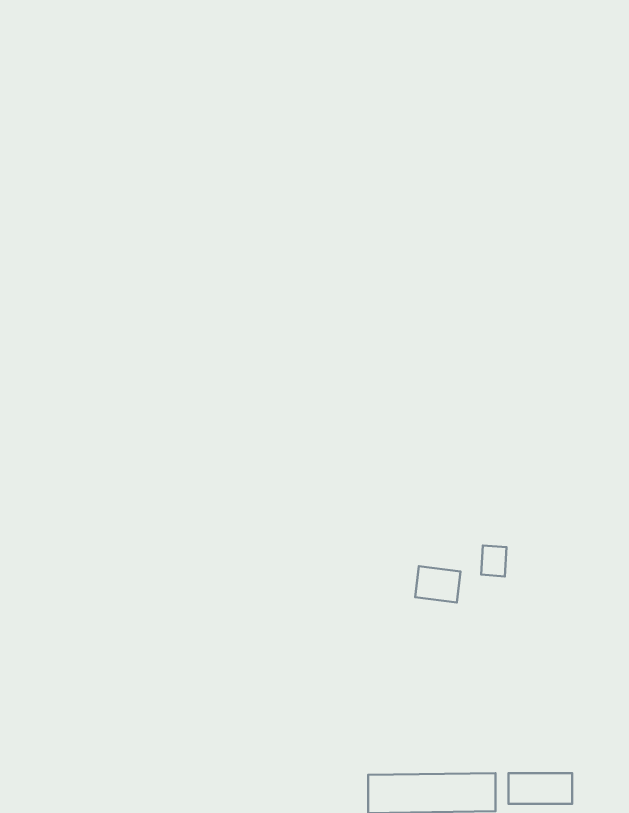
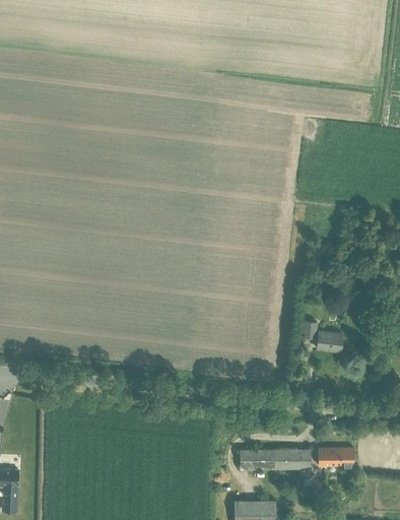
building: [415,566,461,603] -> [317,332,342,352]

